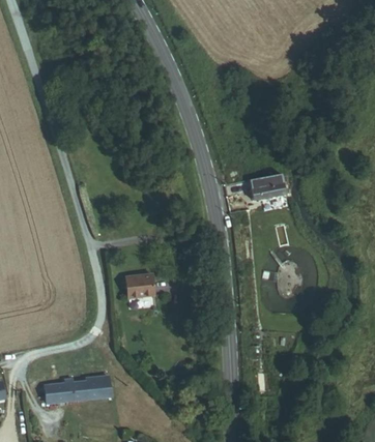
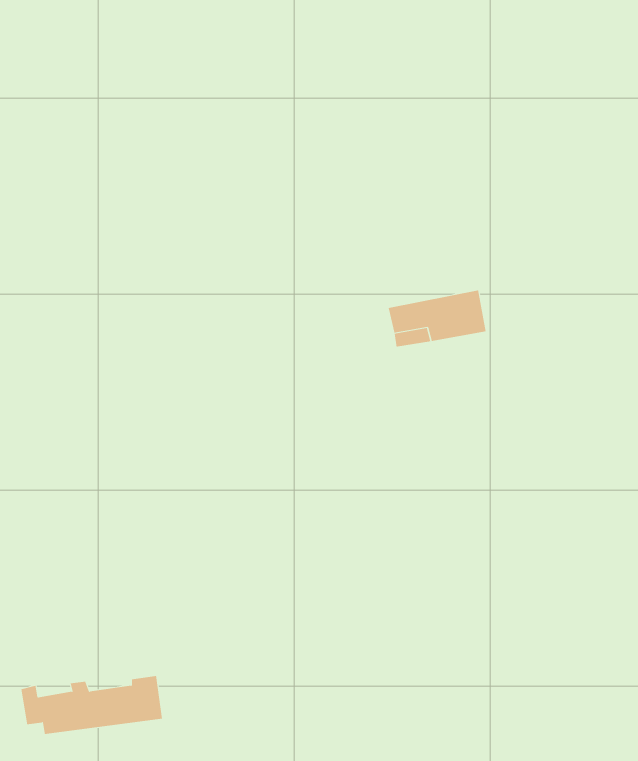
building: [126,271,153,295] -> none

